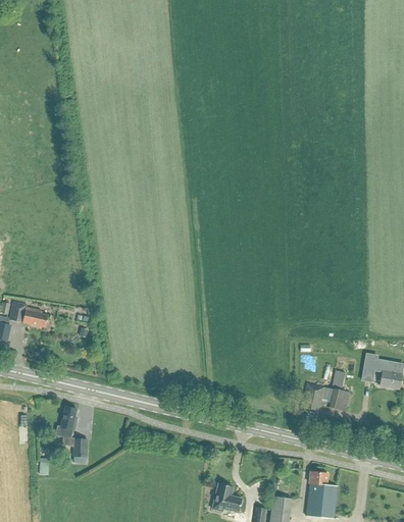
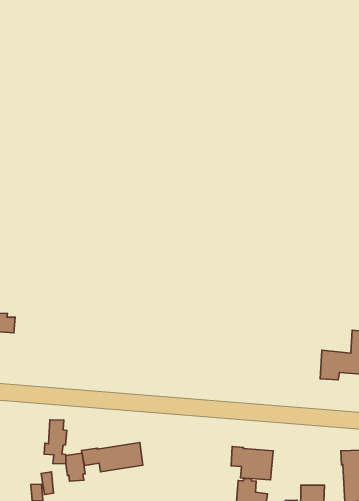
building: none -> [82,442,143,472]
building: none -> [231,447,273,480]

